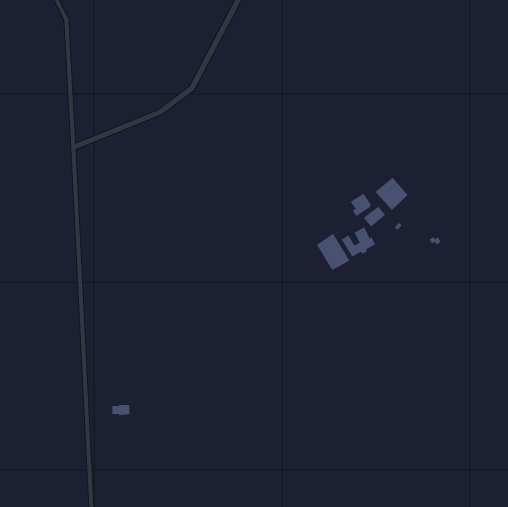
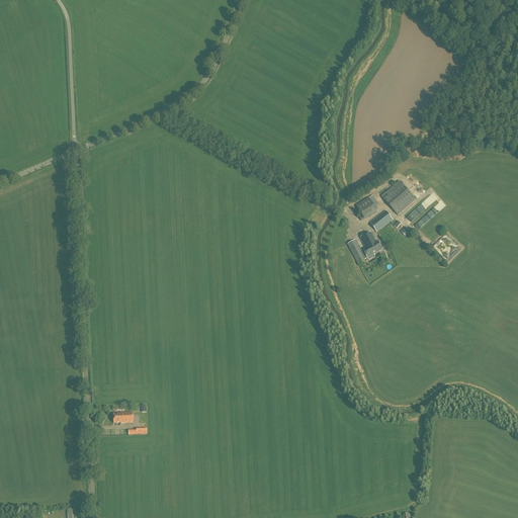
building: [316,233,350,271] -> none

